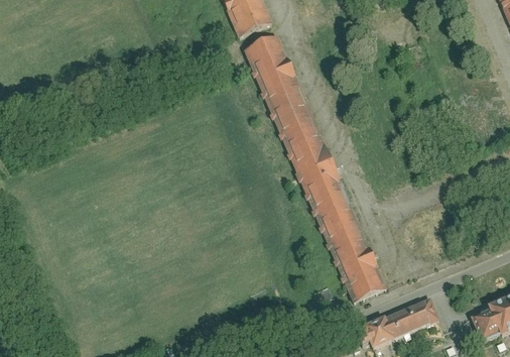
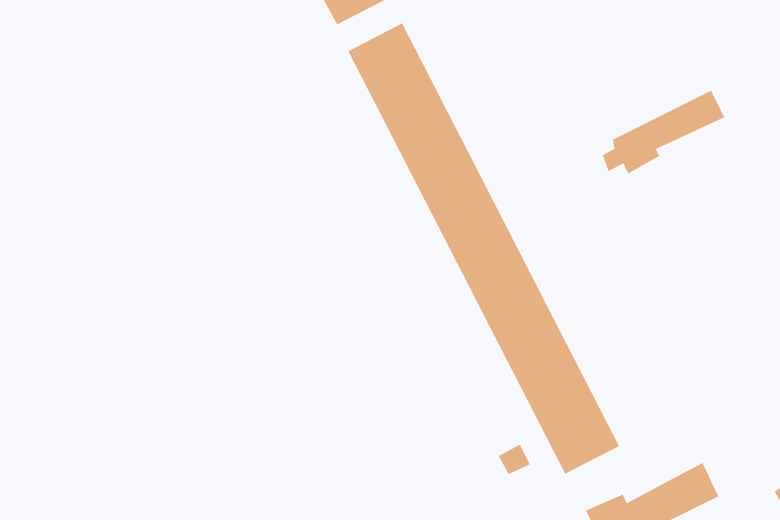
building: none -> [602,90,725,174]

